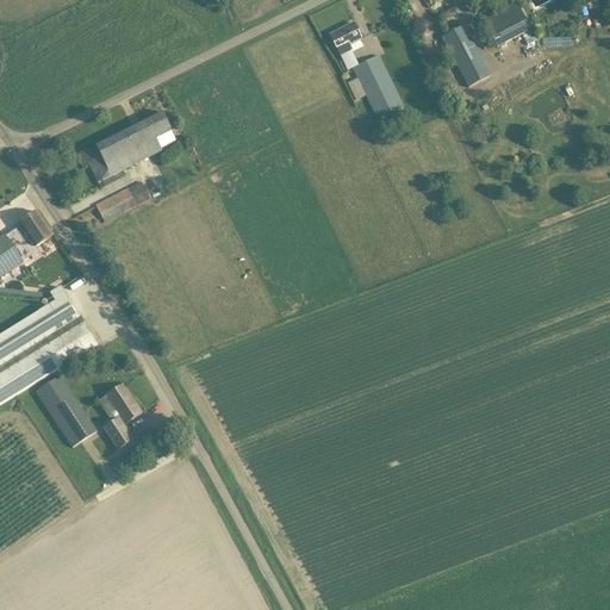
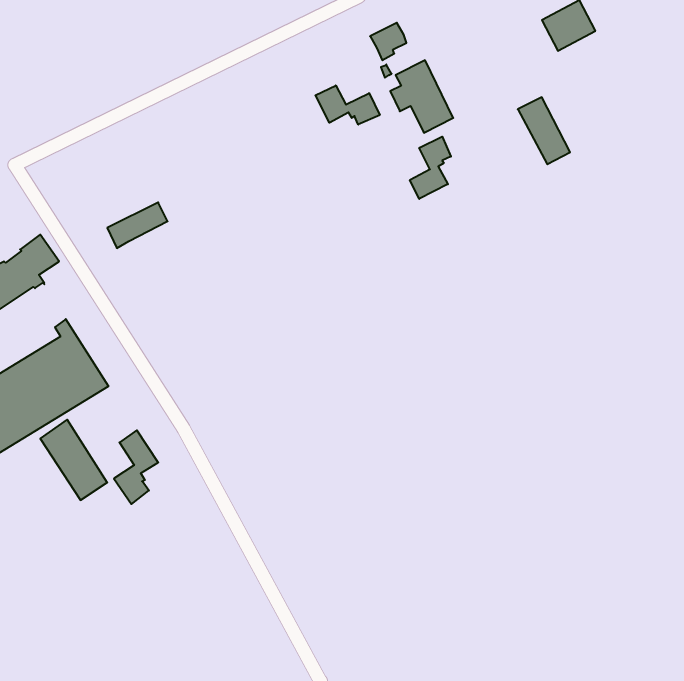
building: [442,25,488,85] -> [518,97,570,164]
building: none -> [315,85,380,125]
building: [75,110,175,180] -> none
building: none -> [410,137,451,199]

